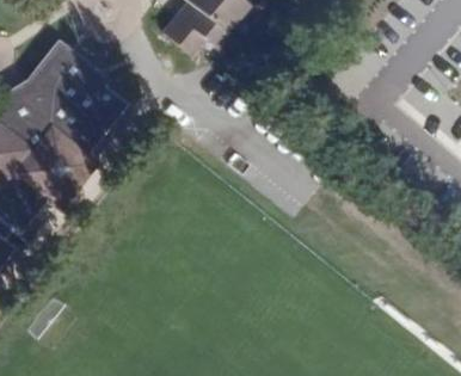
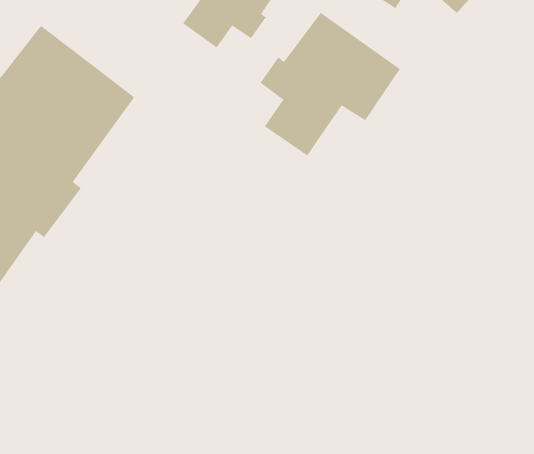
building: none -> [260,12,401,157]

